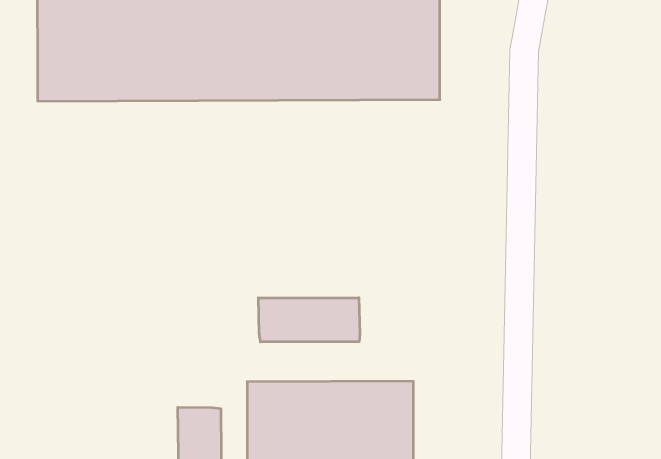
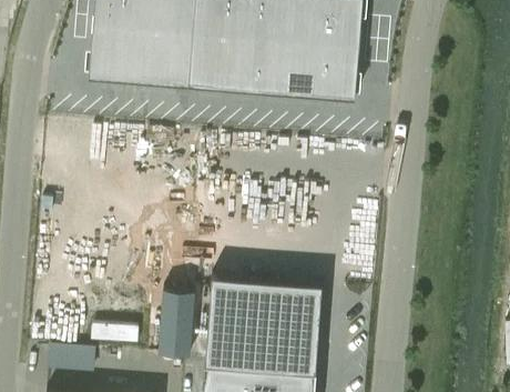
building: [258,298,360,342] -> none

